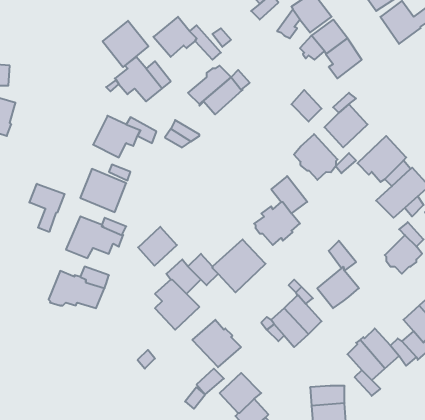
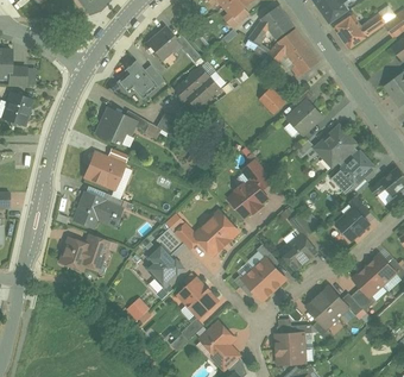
building: [103,21,148,67] -> none
building: [294,134,338,180] -> none
building: [29,184,65,232] -> none
building: [138,227,177,266] -> none

